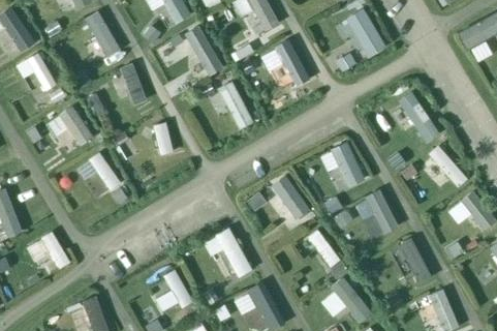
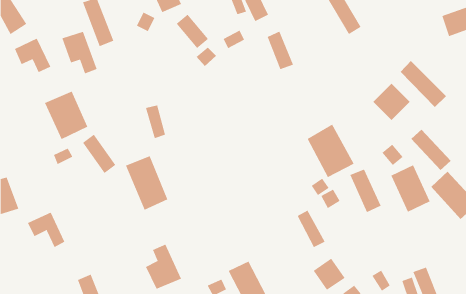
building: [111,63,148,108] -> [62,31,98,74]
building: none -> [400,60,447,108]
building: [220,79,253,132] -> none
building: [265,180,310,225] -> none
building: [207,227,251,283] -> [125,155,168,210]
building: [390,237,431,287] -> [390,165,430,212]

